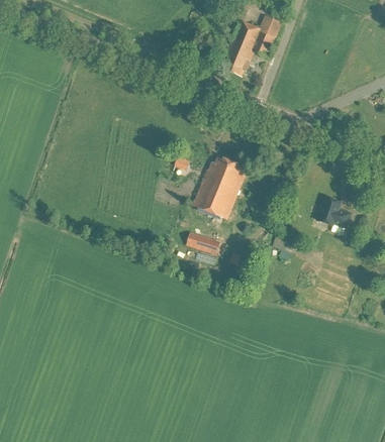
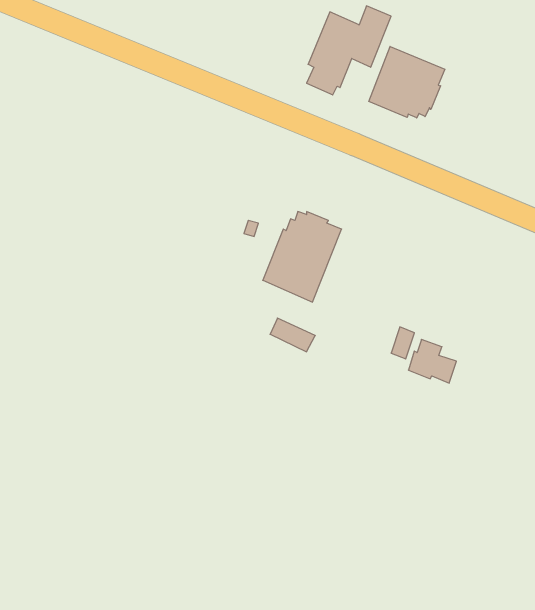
building: none -> [369,46,445,118]
building: [317,197,351,227] -> [408,339,456,383]

